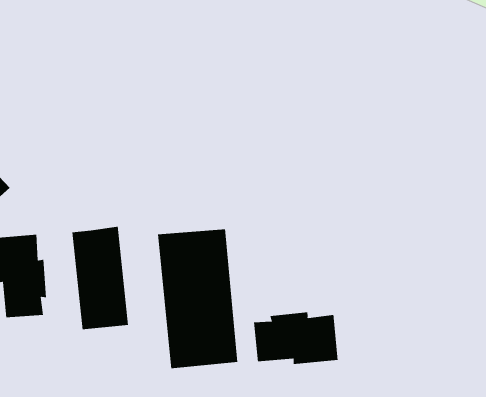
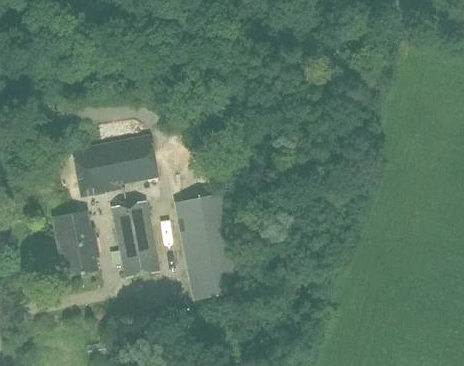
building: none -> [71,134,158,196]
building: [253,311,338,365] -> none

